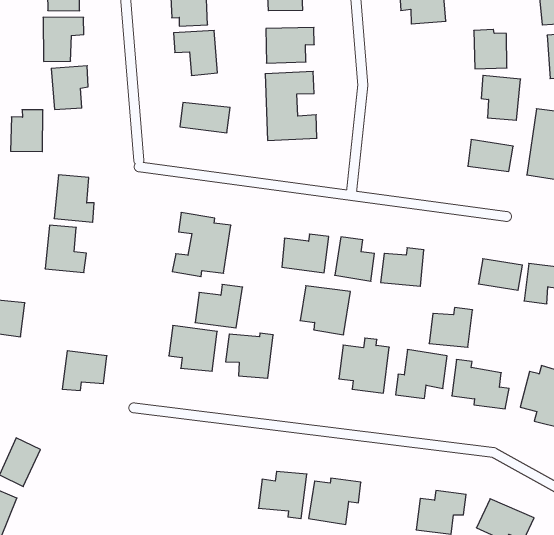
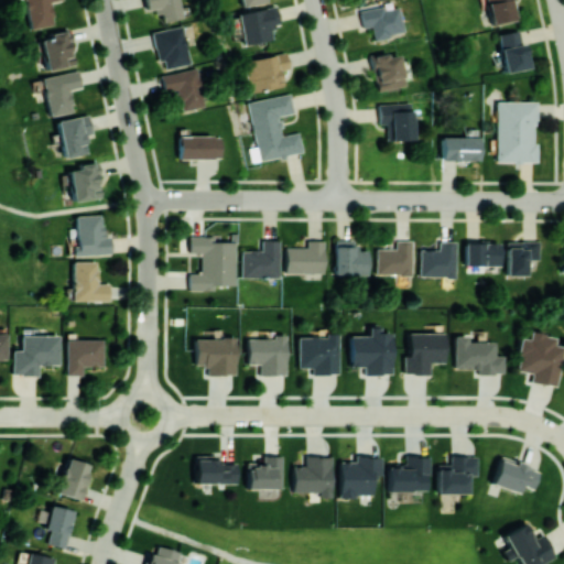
building: [474,29,507,69] -> [372,54,406,91]
building: [481,75,521,120] -> [380,104,415,142]
building: [11,110,43,152] -> [70,162,102,203]
building: [195,284,243,328] -> [243,241,282,279]
building: [300,286,350,335] -> [299,337,340,377]
building: [429,308,473,347] -> [422,243,457,279]
building: [62,351,107,390] -> [68,341,105,377]
building: none -> [196,457,239,485]
building: none -> [248,457,284,490]
building: none -> [389,457,432,492]

